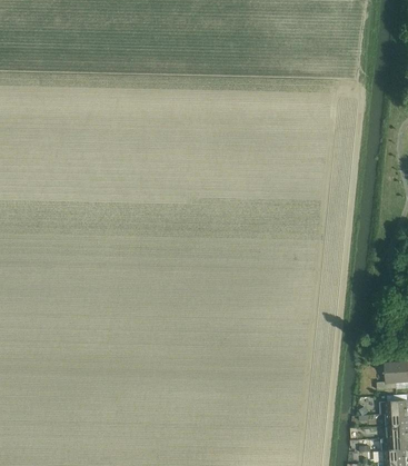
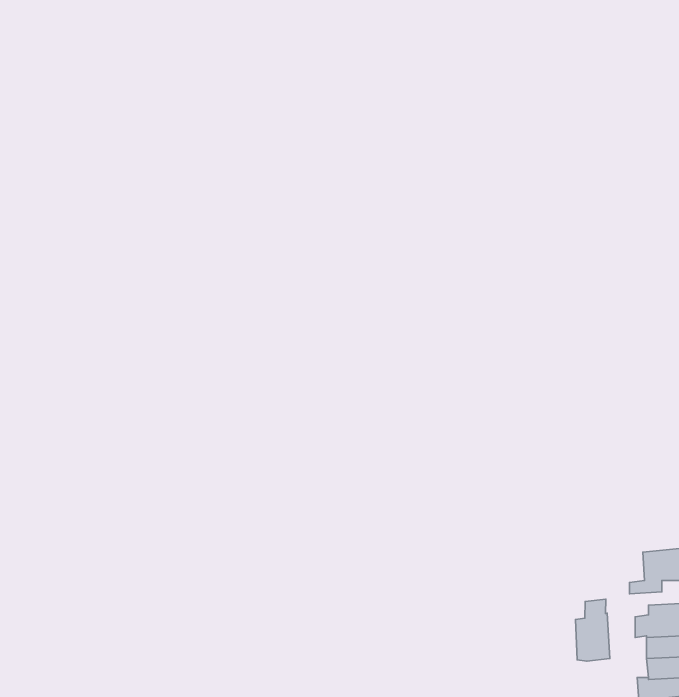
building: none -> [575,599,610,661]

